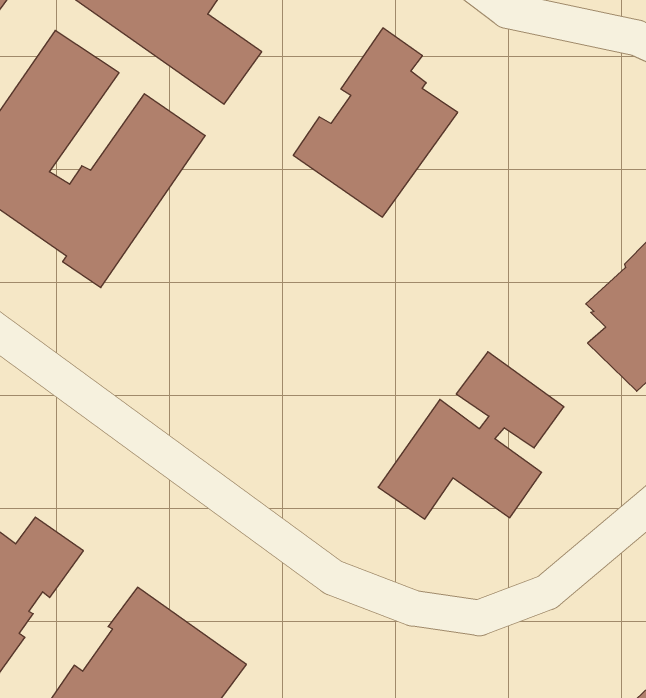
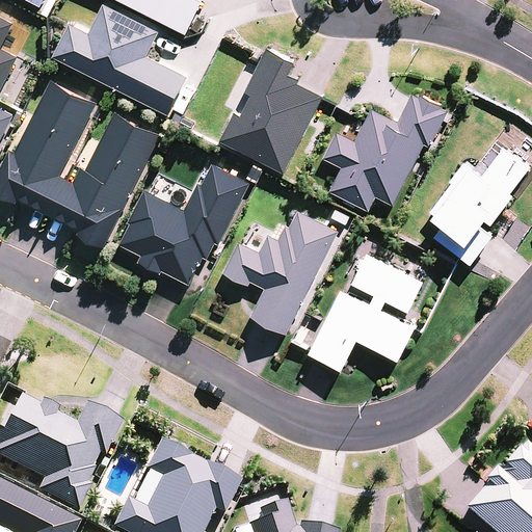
building: none -> [322,94,448,212]
building: none -> [118,165,249,285]
building: none -> [222,211,338,335]

